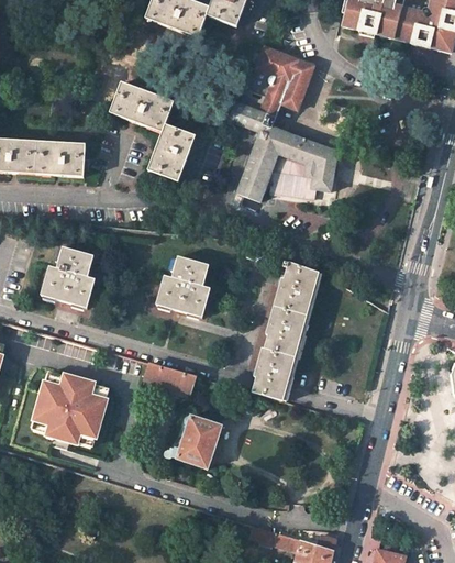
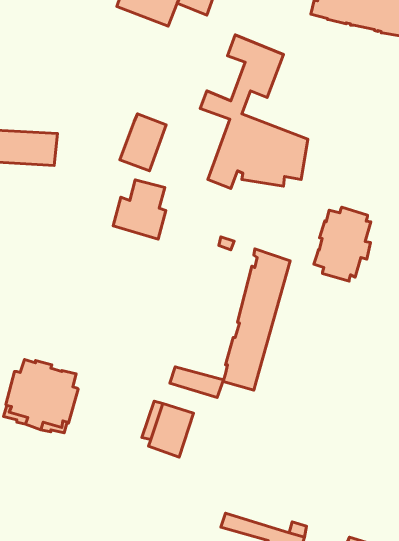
building: [111,82,174,132] -> none
building: none -> [314,207,371,281]
building: [42,247,95,307] -> none
building: [156,257,209,317] -> [113,180,166,239]
building: [143,363,197,394] -> [170,367,224,397]

